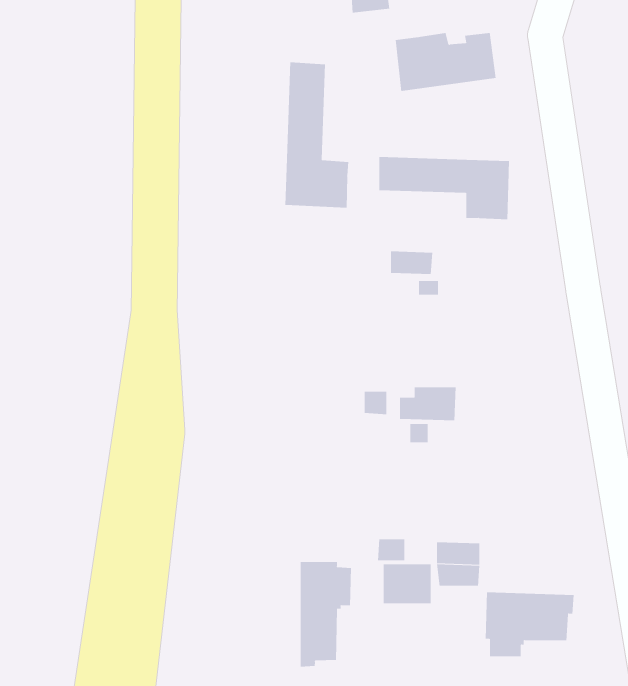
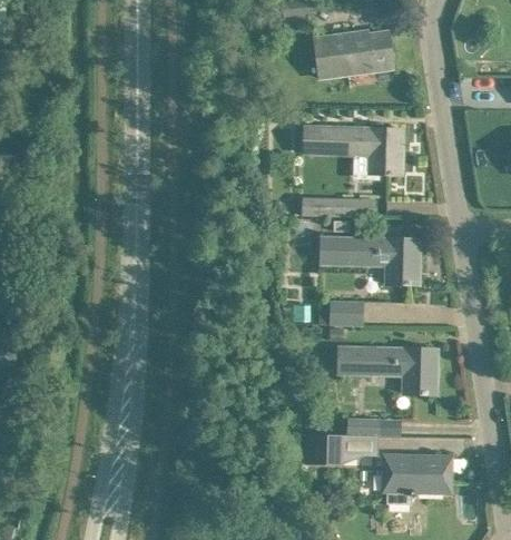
building: [285,61,349,208] -> none
building: none -> [322,237,421,284]
building: none -> [338,347,438,394]
building: [300,561,351,668] -> none

